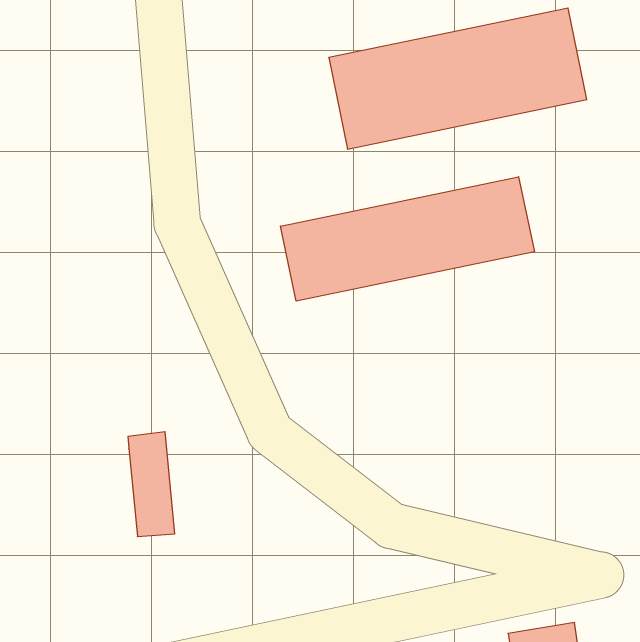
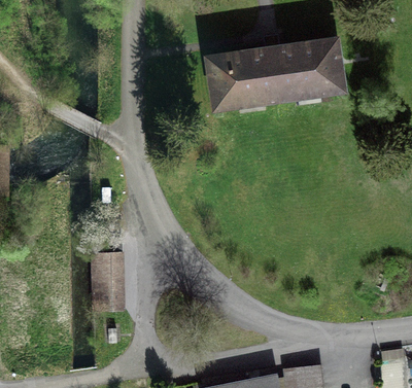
building: [281,177,534,301] -> none

